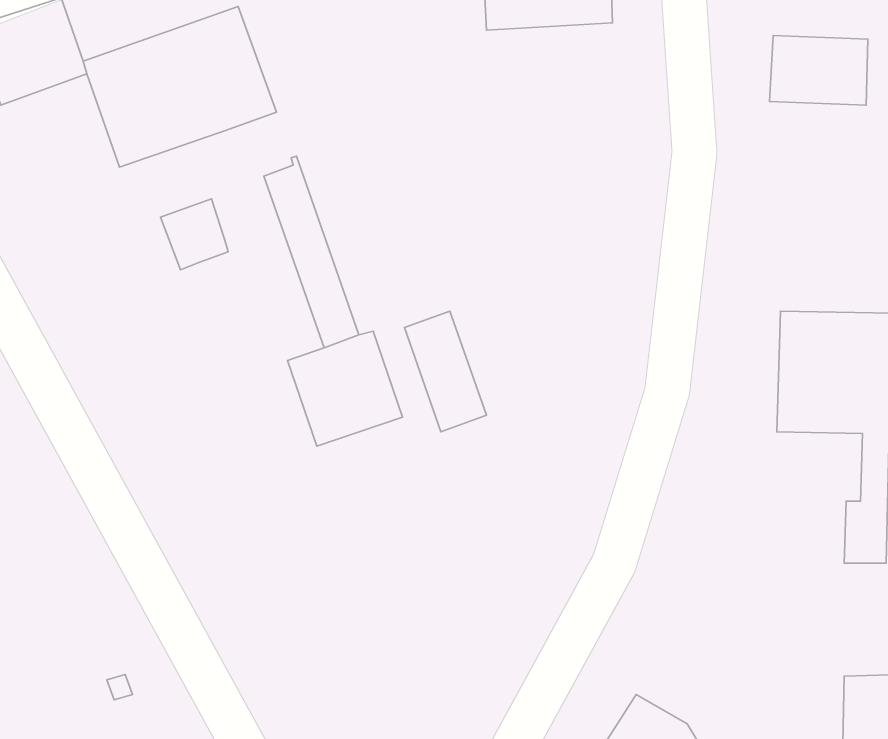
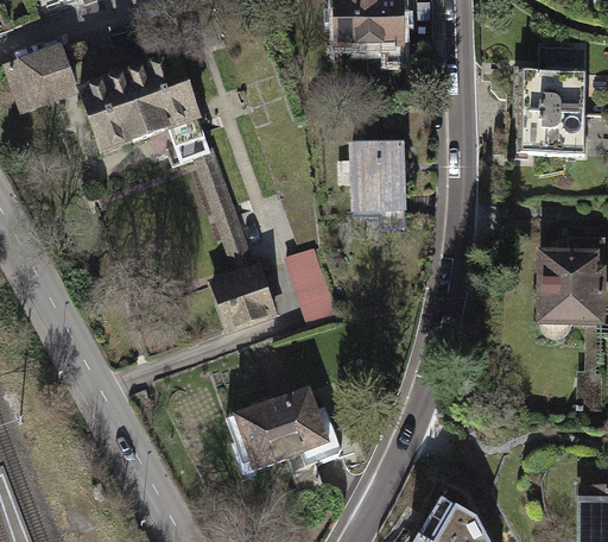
building: none -> [519,109,584,152]
building: none -> [349,138,404,210]
building: [160,199,228,270] -> [167,116,211,163]
building: none -> [230,390,344,483]

